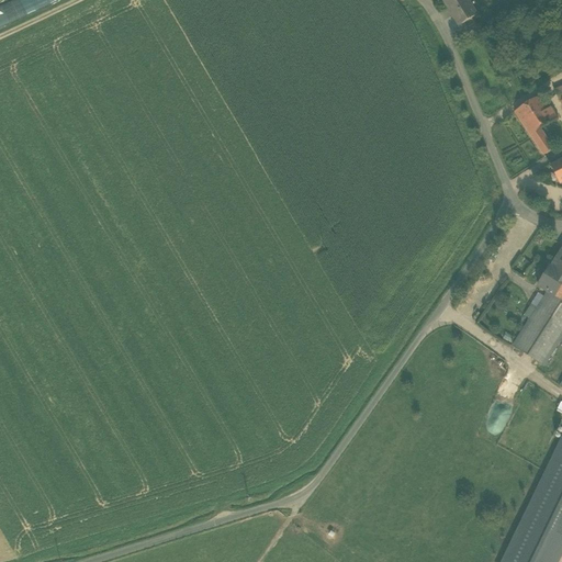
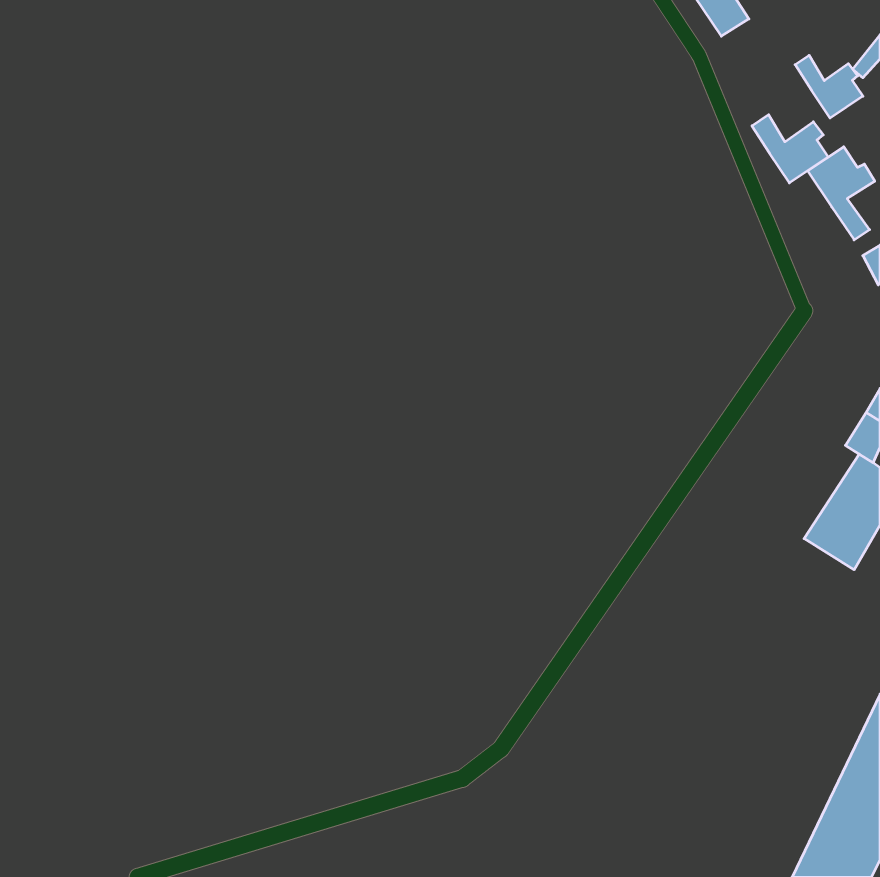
building: none -> [795,55,863,118]
building: none -> [752,115,828,183]

